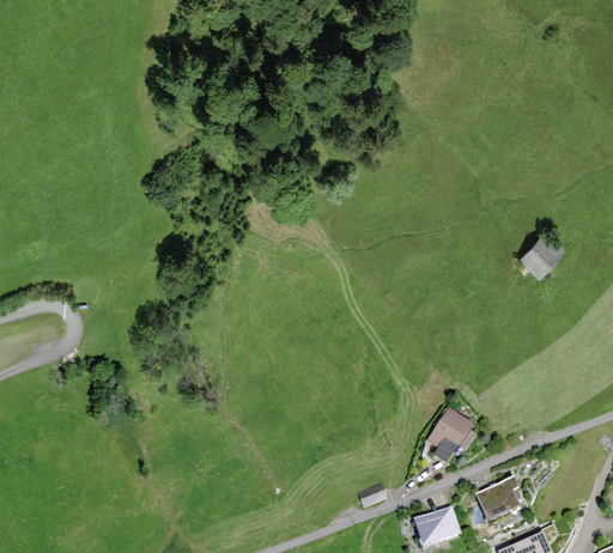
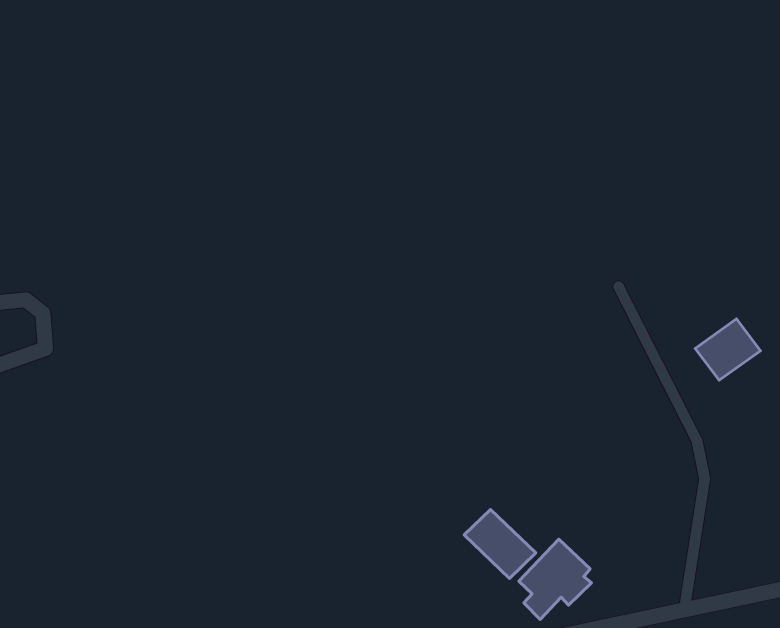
building: none -> [464,509,536,578]

